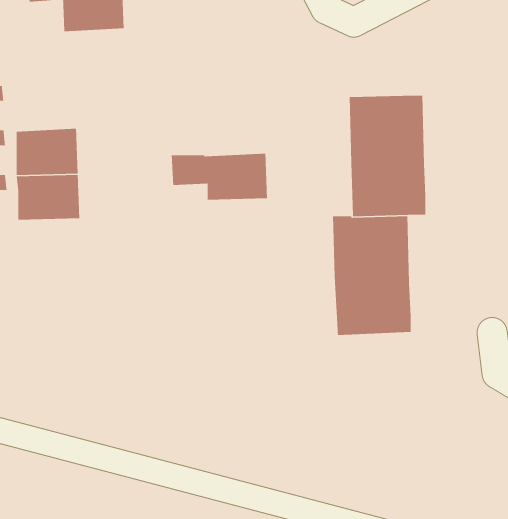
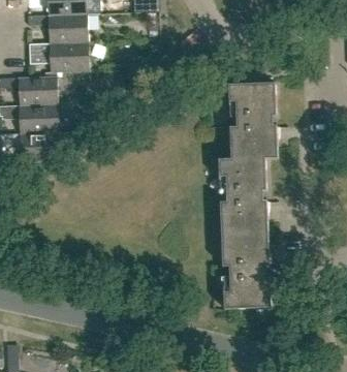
building: none -> [19,75,58,105]
building: [171,153,268,201] -> [28,41,89,71]
building: none -> [221,231,271,309]

